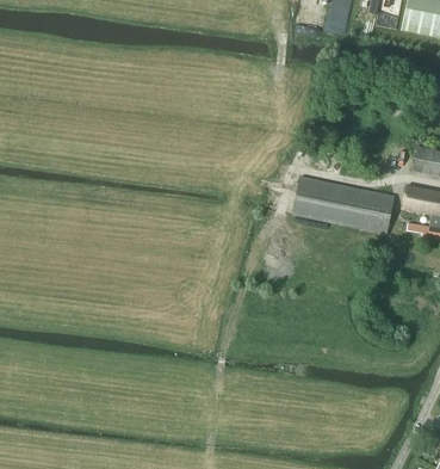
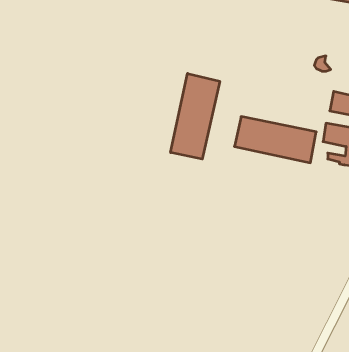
building: none -> [171,73,220,159]

